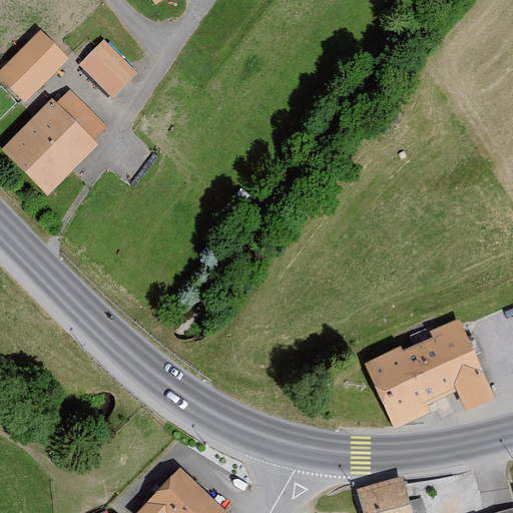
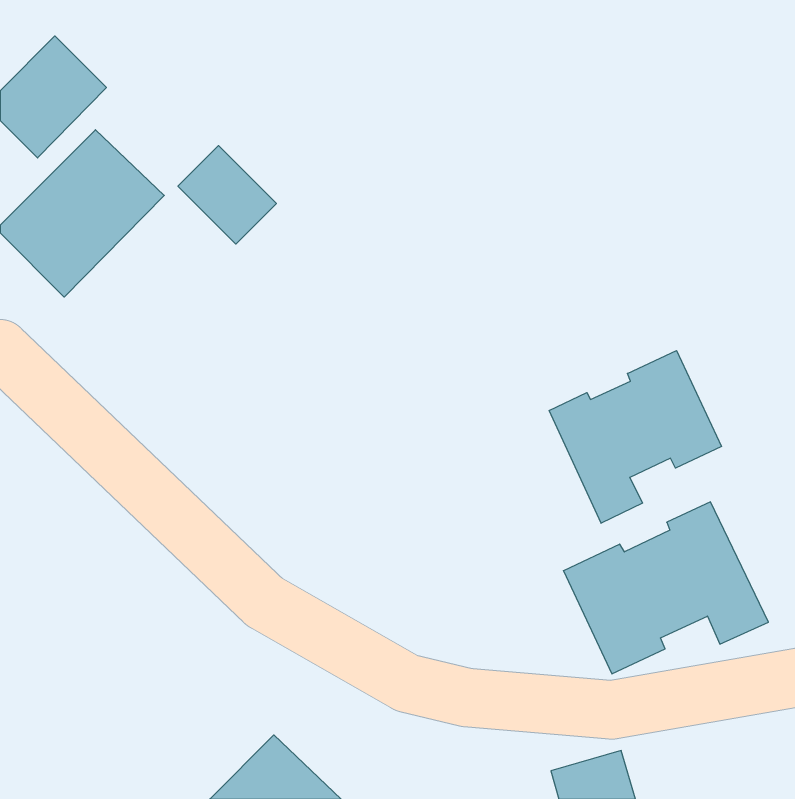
building: [78,38,141,101] -> [178,146,276,244]
building: none -> [549,351,721,523]

